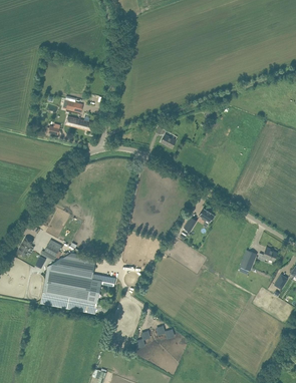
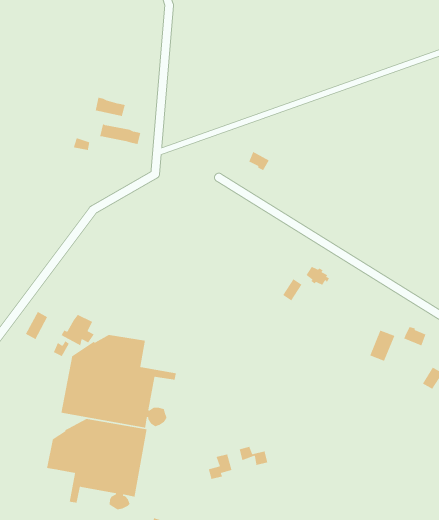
building: none -> [46,418,148,510]

